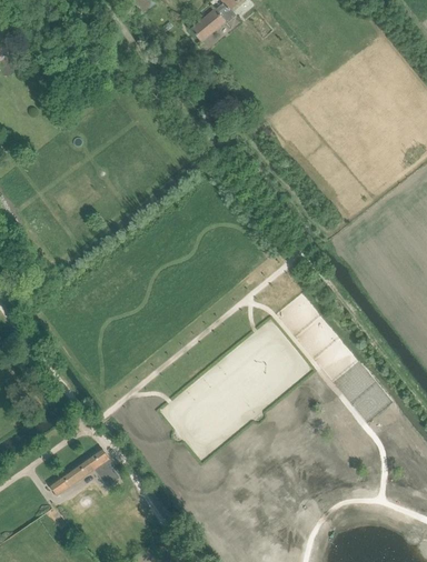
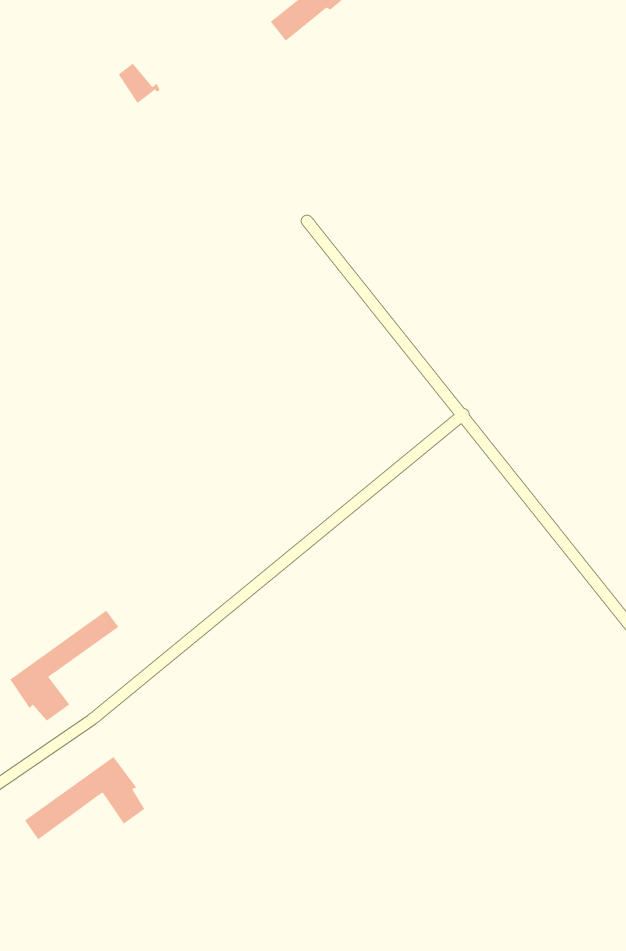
building: none -> [9,610,119,721]

